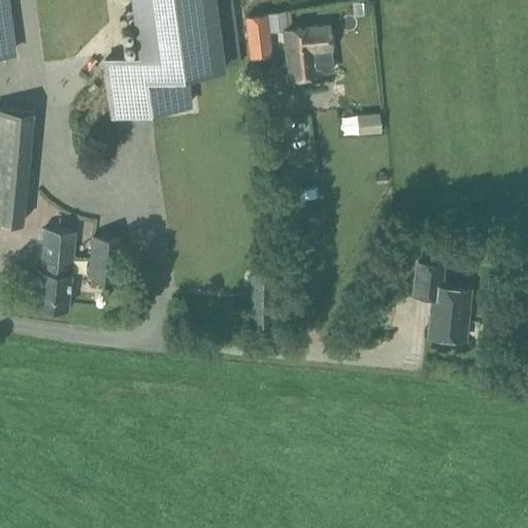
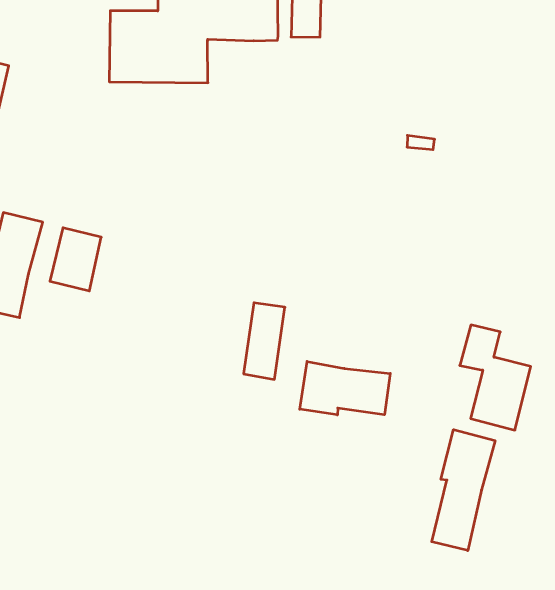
building: [285,28,333,79] -> none
building: none -> [300,361,390,415]
building: none -> [432,430,495,551]

